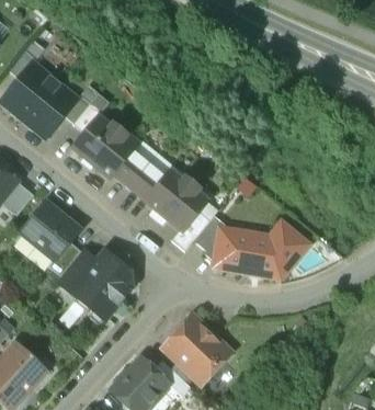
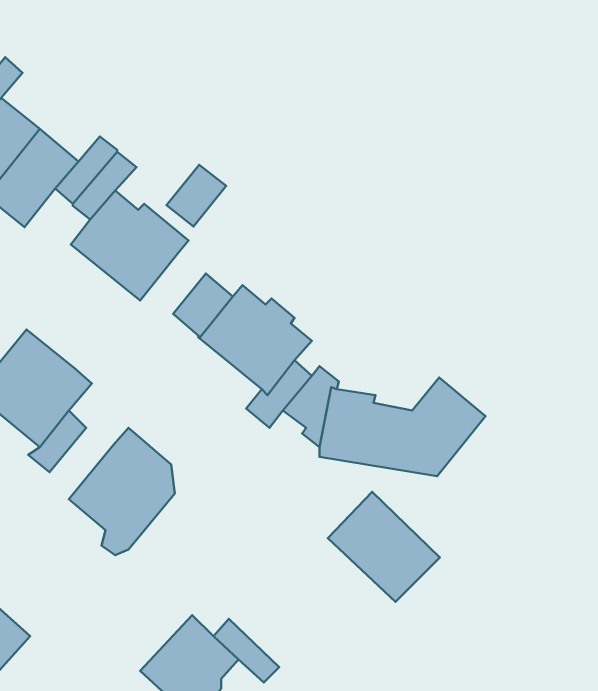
building: [114,150,148,185] -> [166,165,226,226]
building: [57,249,95,291] -> none
building: [164,317,228,379] -> [328,492,440,602]

